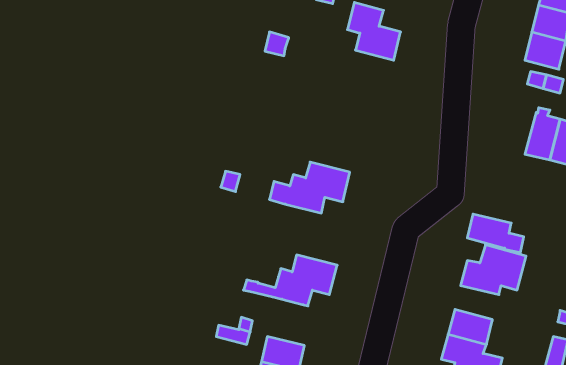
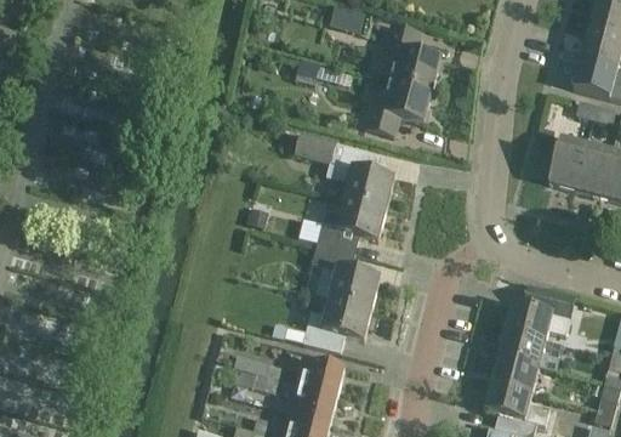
building: none -> [364,78,433,135]
building: none -> [296,132,394,209]
building: none -> [548,138,586,189]
building: none -> [312,243,380,308]
building: [467,214,524,253] -> [498,330,559,371]
building: none -> [297,358,344,395]

